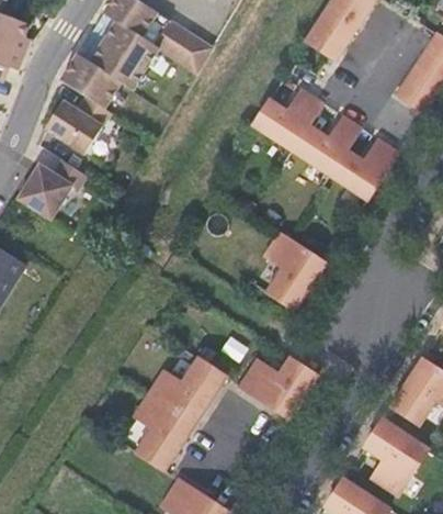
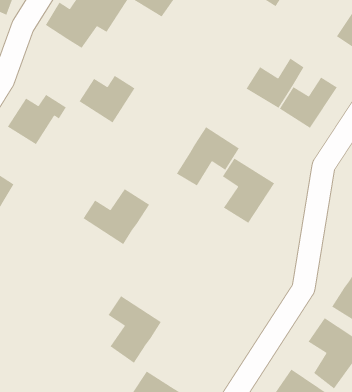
building: [252,91,322,153] -> none
building: [44,96,110,152] -> [79,75,136,123]
building: none -> [176,126,240,186]
building: [148,356,226,422] -> [83,188,150,245]
building: [238,356,318,418] -> none

